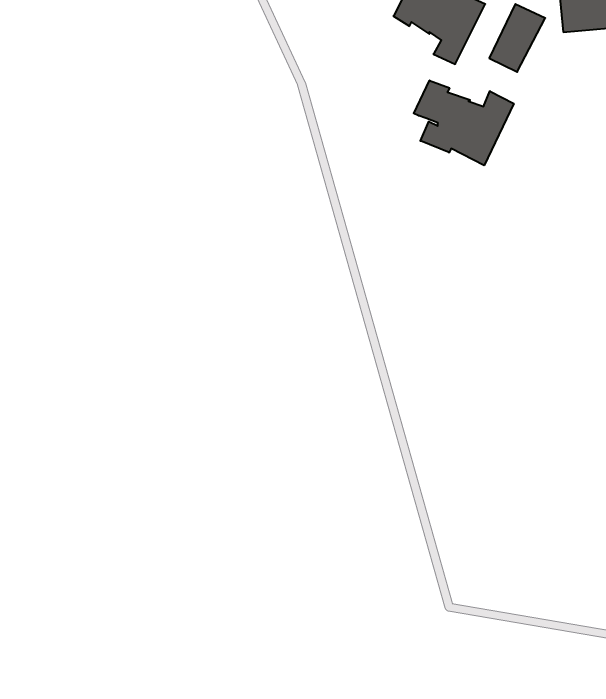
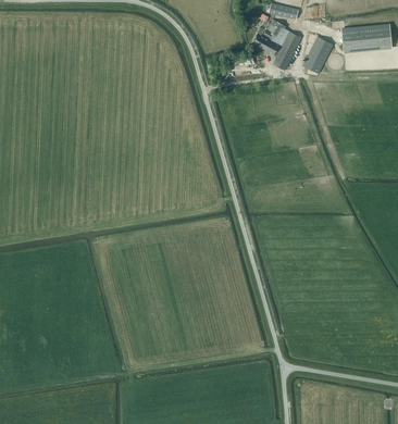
building: [414,80,514,165] -> none

